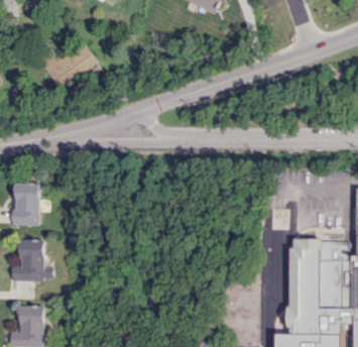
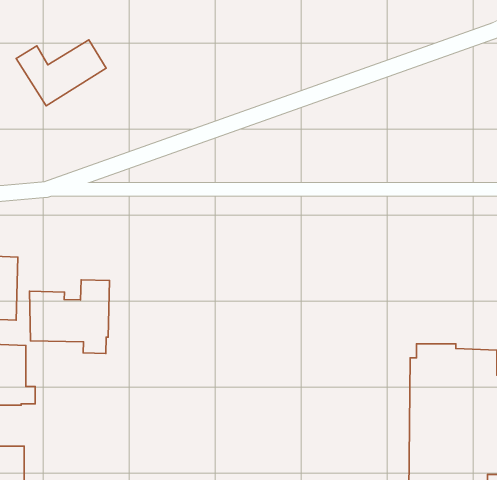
building: none -> [30,280,110,354]

